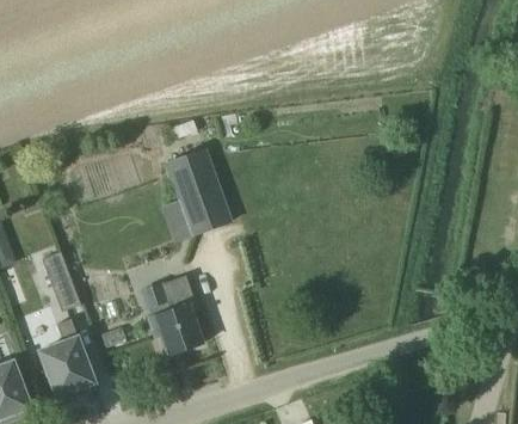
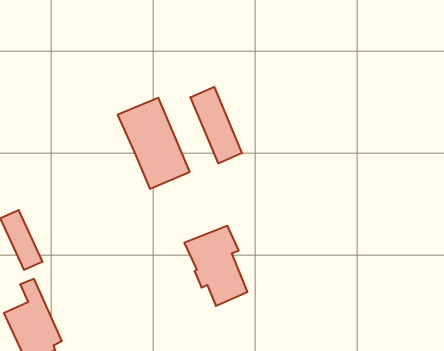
building: none -> [190,87,242,163]
building: [142,276,202,355] -> [184,226,247,306]

